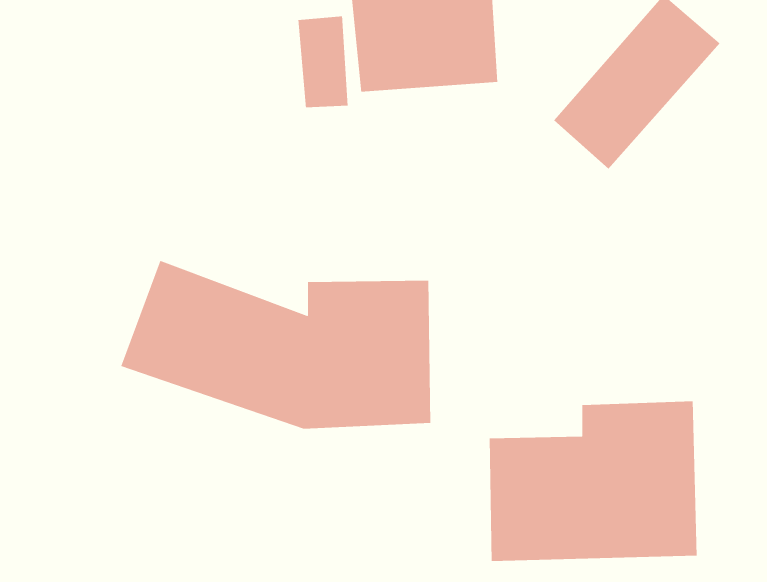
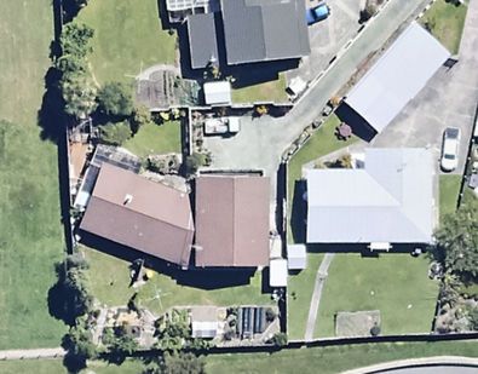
building: [489,400,697,562] -> [307,123,436,223]

